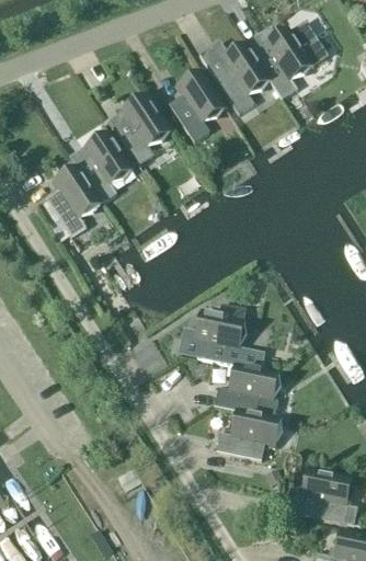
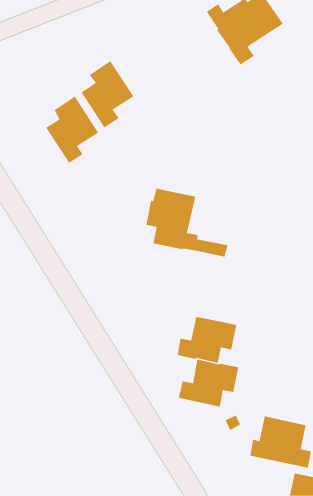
building: [213,42,268,114] -> none
building: [168,69,225,141] -> none
building: [44,164,100,237] -> none
building: [193,299,281,373] -> [145,188,228,257]

